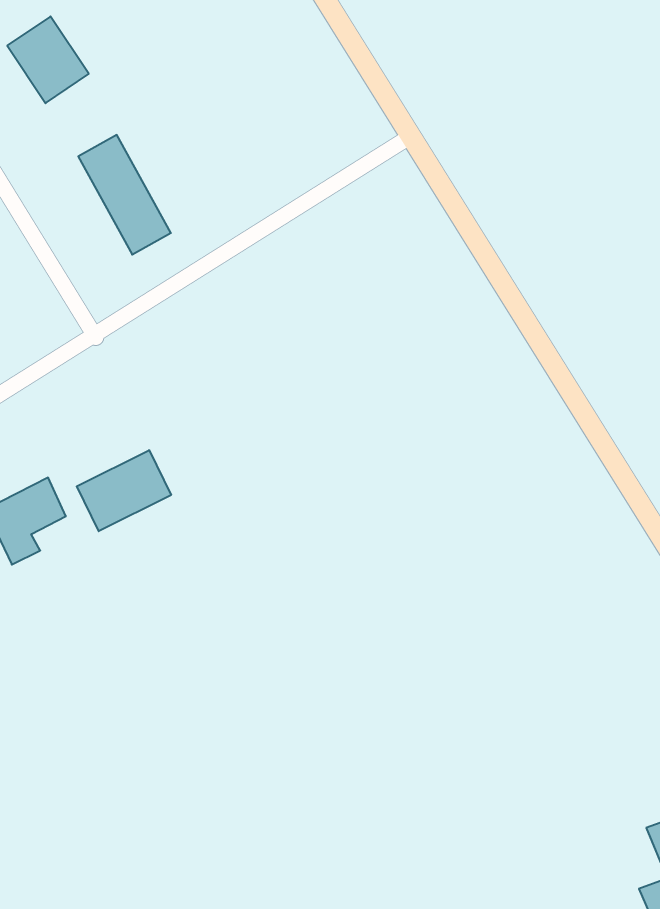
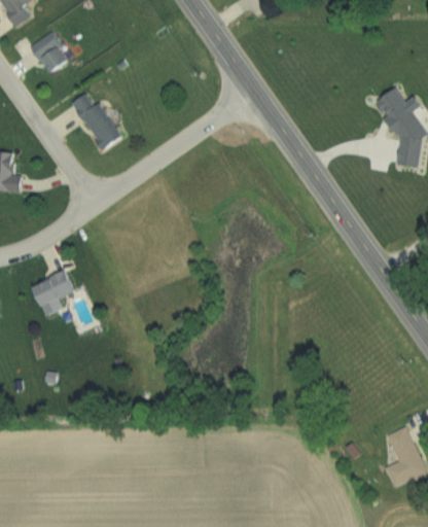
building: [77,450,171,531] -> none

